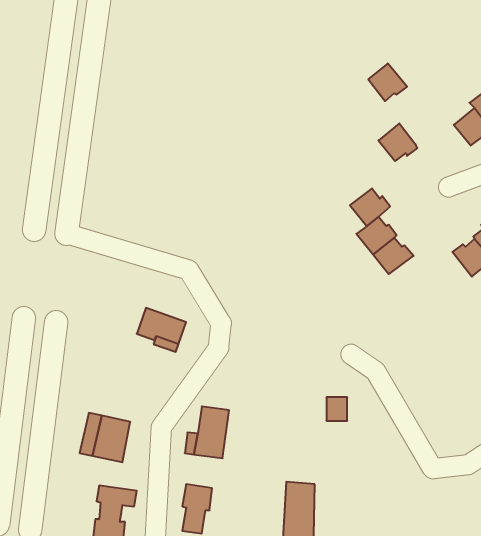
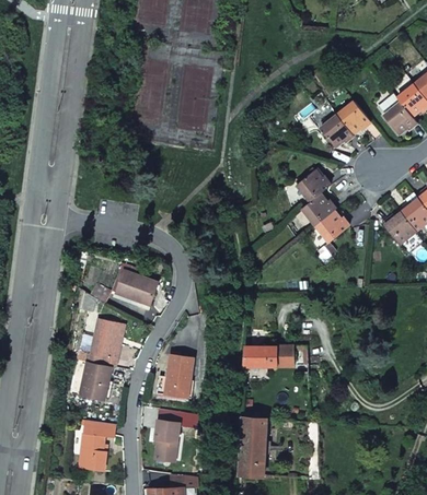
building: [368,63,407,101] -> [337,102,370,133]
building: none -> [85,318,118,363]
building: none -> [244,345,276,366]

